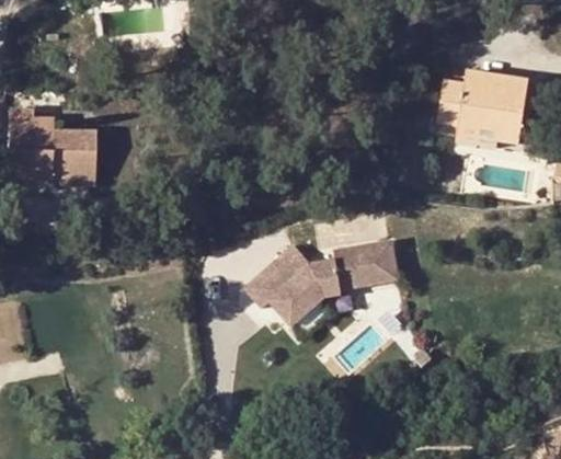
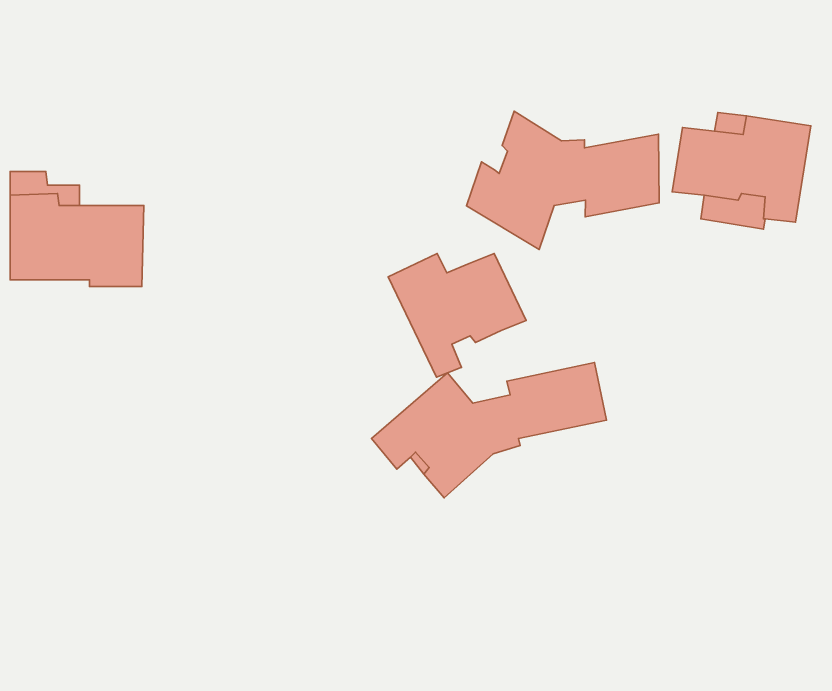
building: none -> [466,111,659,250]
building: none -> [388,253,526,377]

